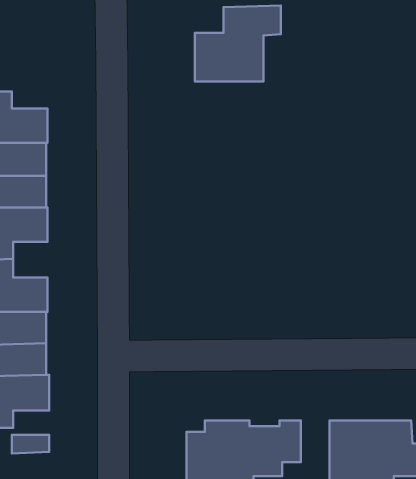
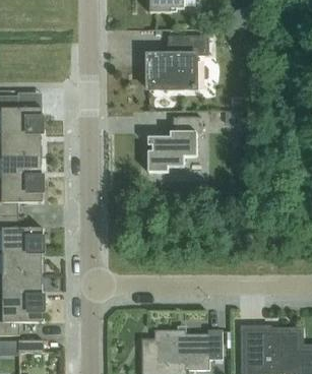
building: none -> [147,117,201,173]

